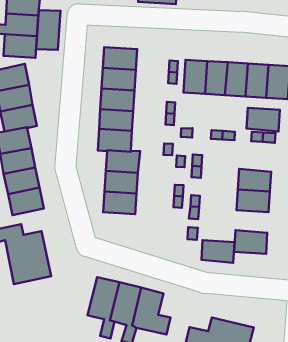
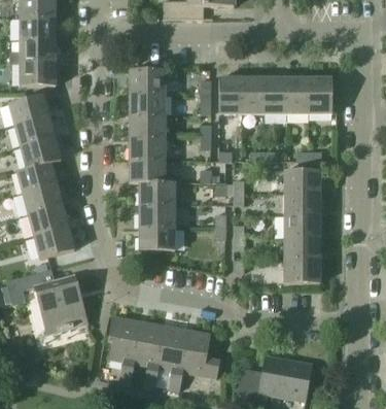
building: [36,10,60,50] -> none
building: [247,108,280,131] -> [285,170,320,194]
building: [201,240,235,263] -> [285,238,320,261]
building: none -> [108,315,138,382]

